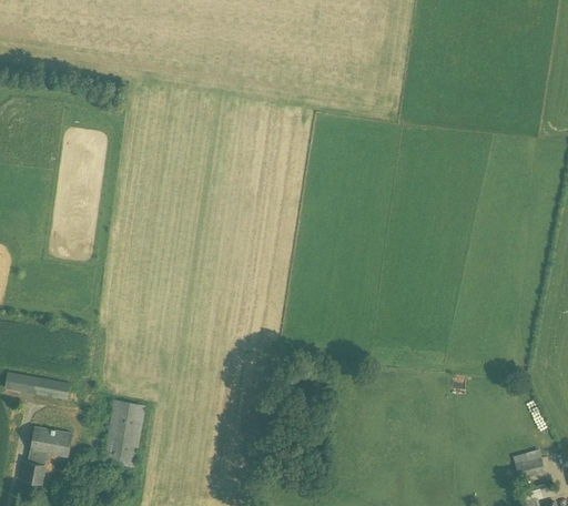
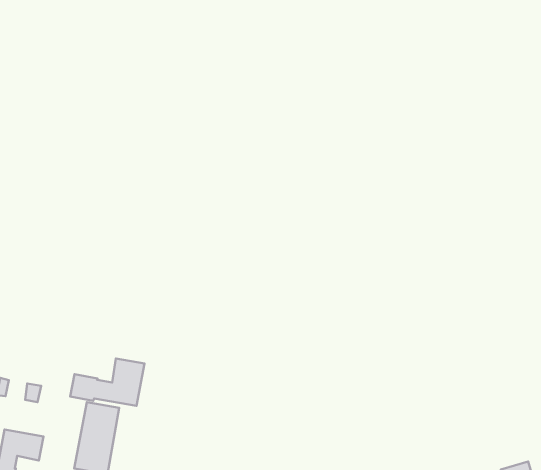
building: none -> [70,359,144,406]

